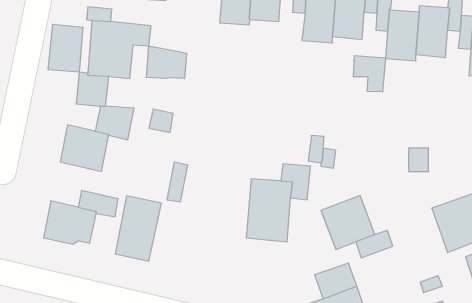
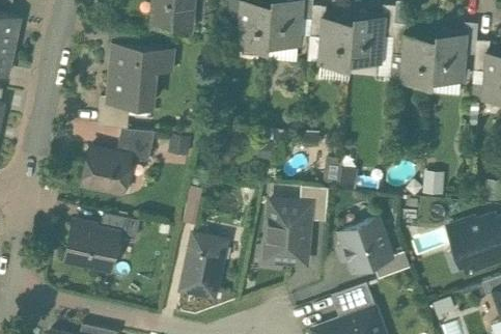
building: [48,24,83,72] -> none
building: [146,46,186,79] -> none
building: [353,56,385,92] -> none
building: [115,196,161,261] -> [180,233,226,298]

